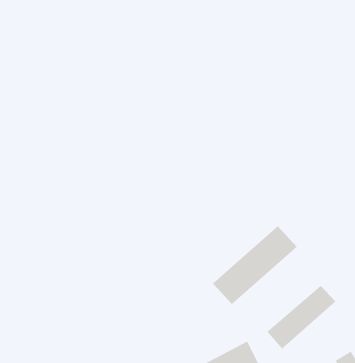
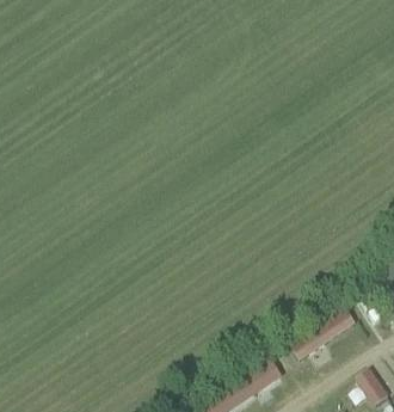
building: [212,225,298,305] -> none

